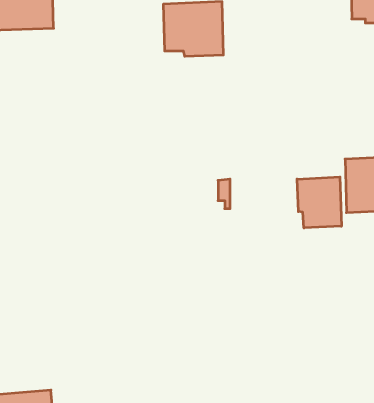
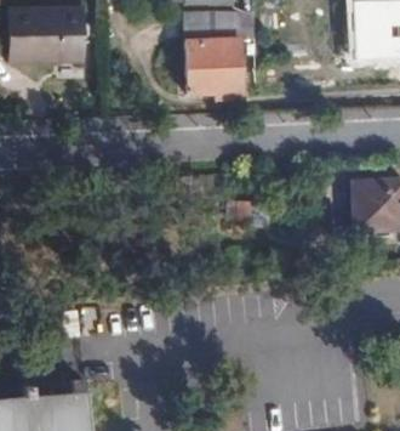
building: [297,177,341,228] -> none

